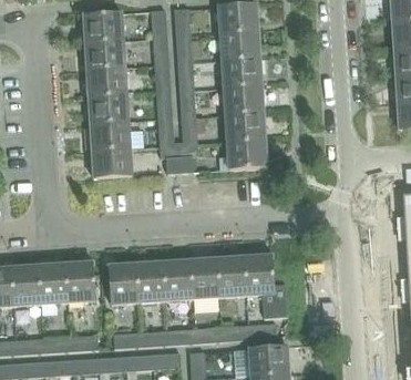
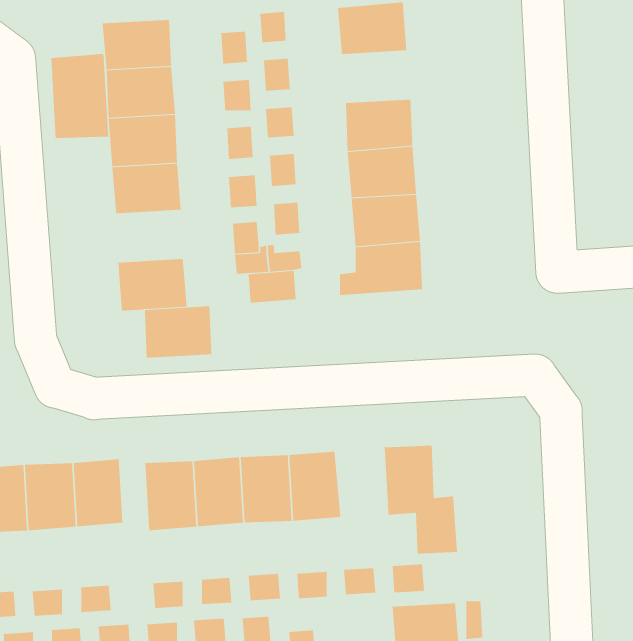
building: [220,30,260,60] -> none
building: none -> [51,53,109,139]
building: [92,121,131,151] -> [144,306,212,358]
building: [217,256,247,296] -> none

